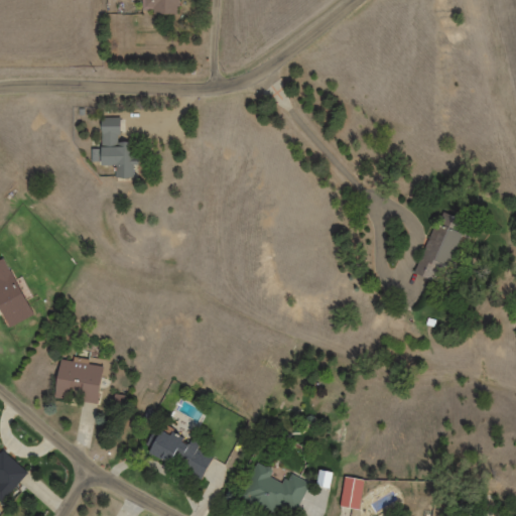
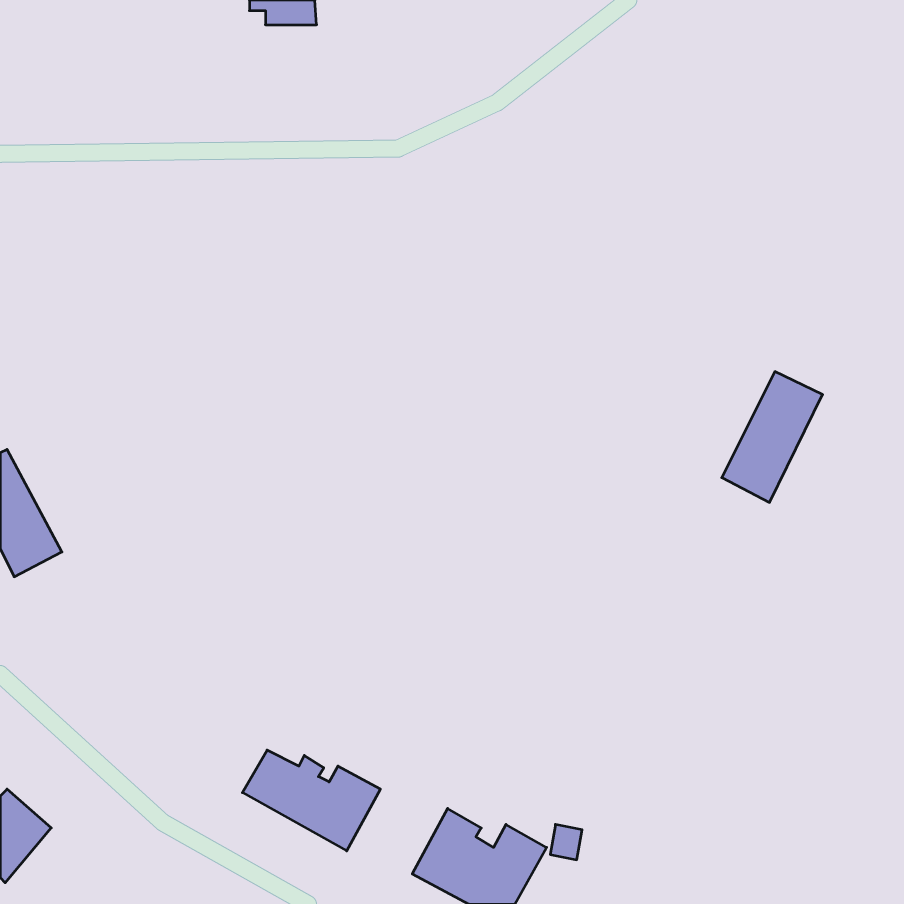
building: [90,118,143,177] -> none
building: [53,356,103,405] -> none
building: [339,476,363,509] -> none

